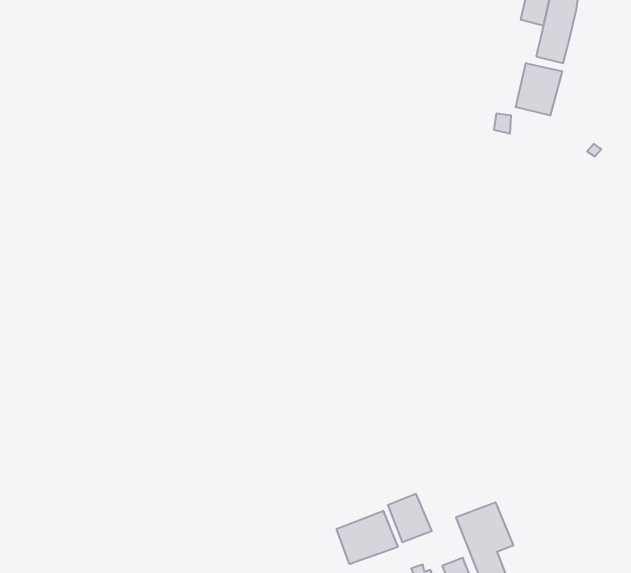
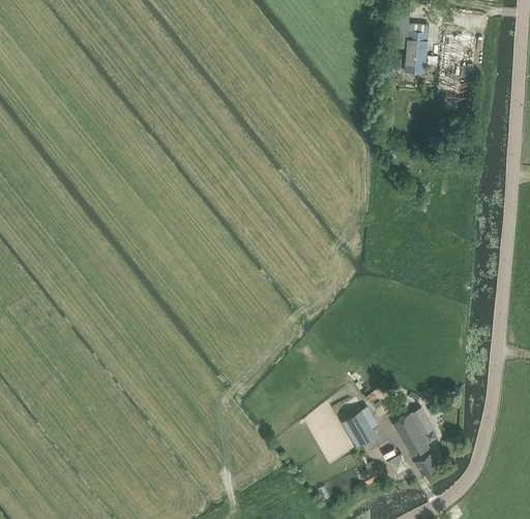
building: [516,63,562,116] -> none
building: [337,511,398,564] -> none

